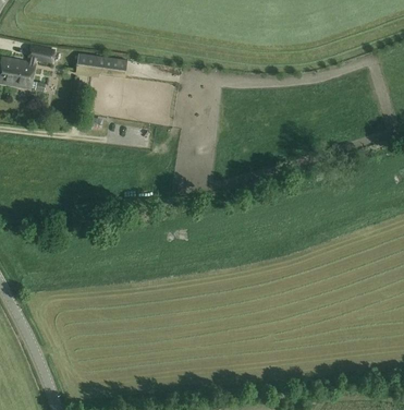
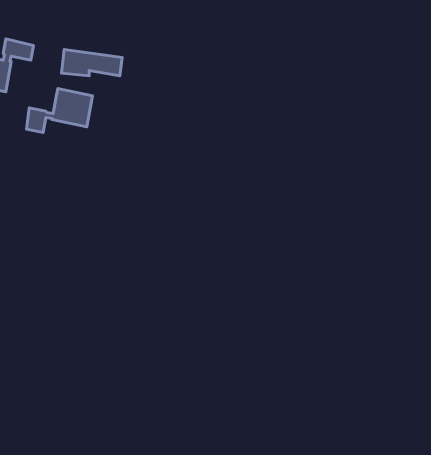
building: none -> [26,89,93,133]

